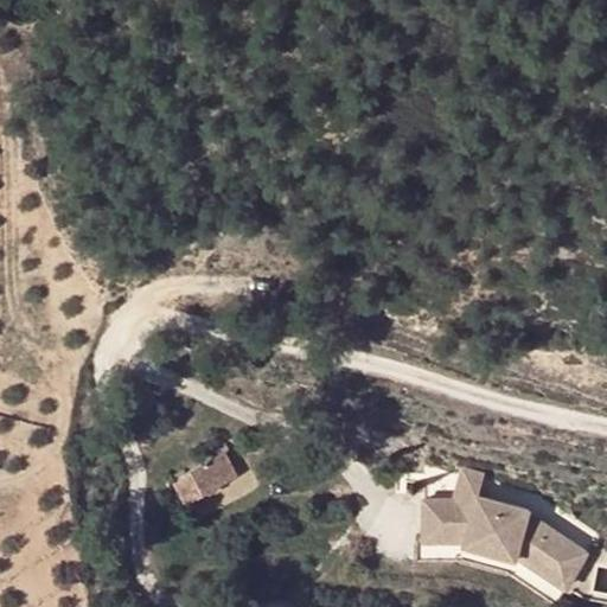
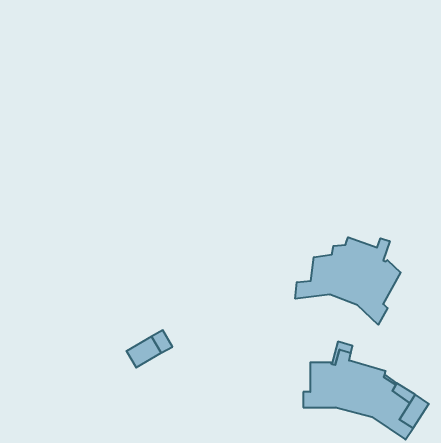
building: none -> [295,237,401,325]

